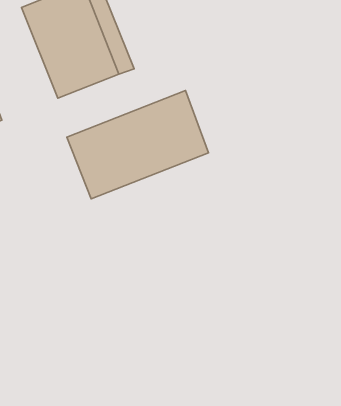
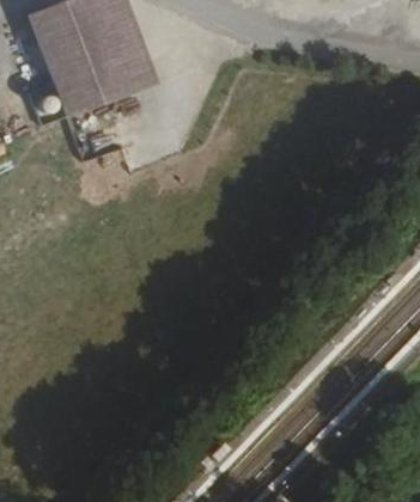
building: [67,90,208,199] -> none

